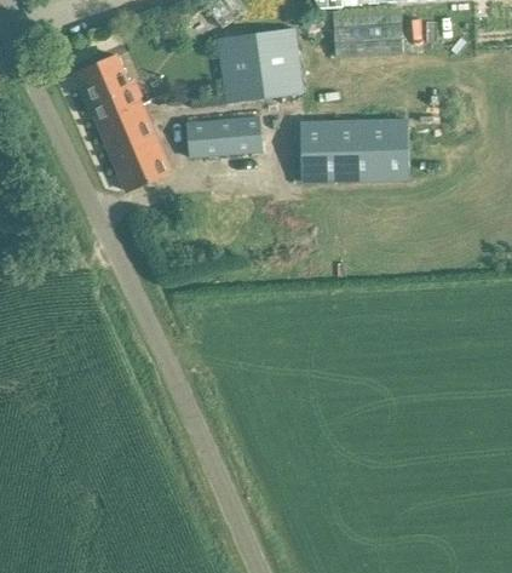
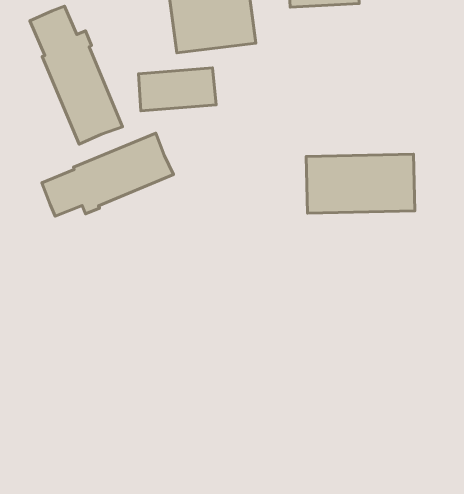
building: [303,124,409,182] -> [306,154,415,213]
building: none -> [42,133,173,216]

